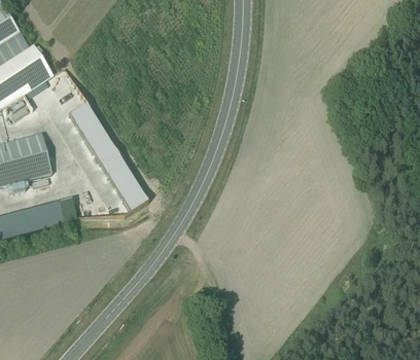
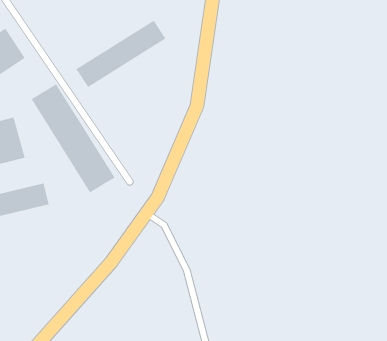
building: none -> [76,20,166,88]

